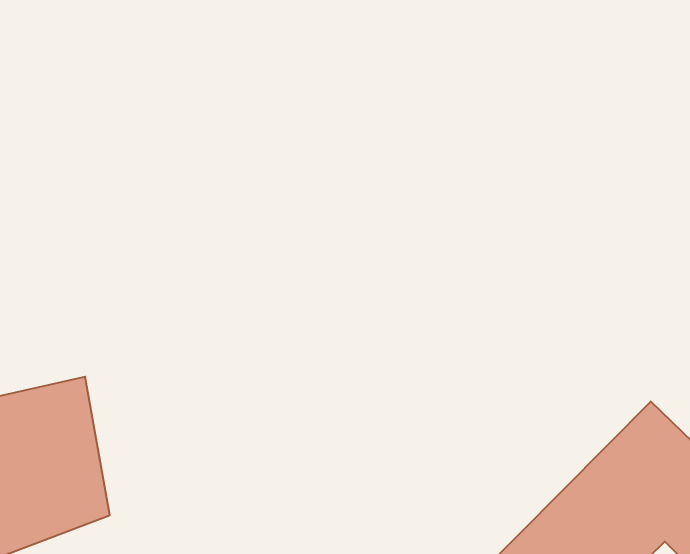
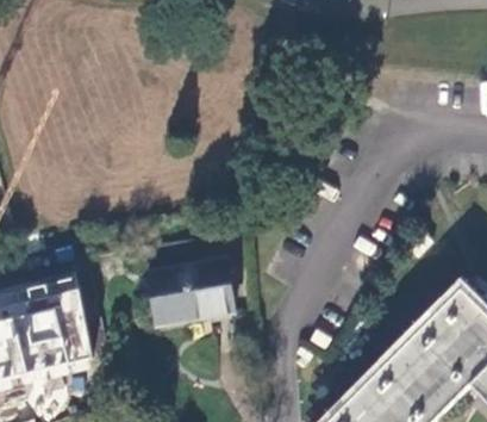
building: none -> [145,256,229,322]

